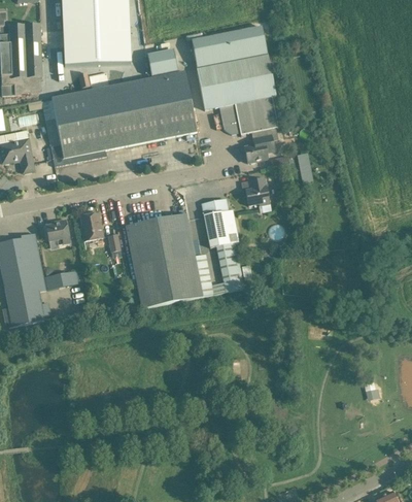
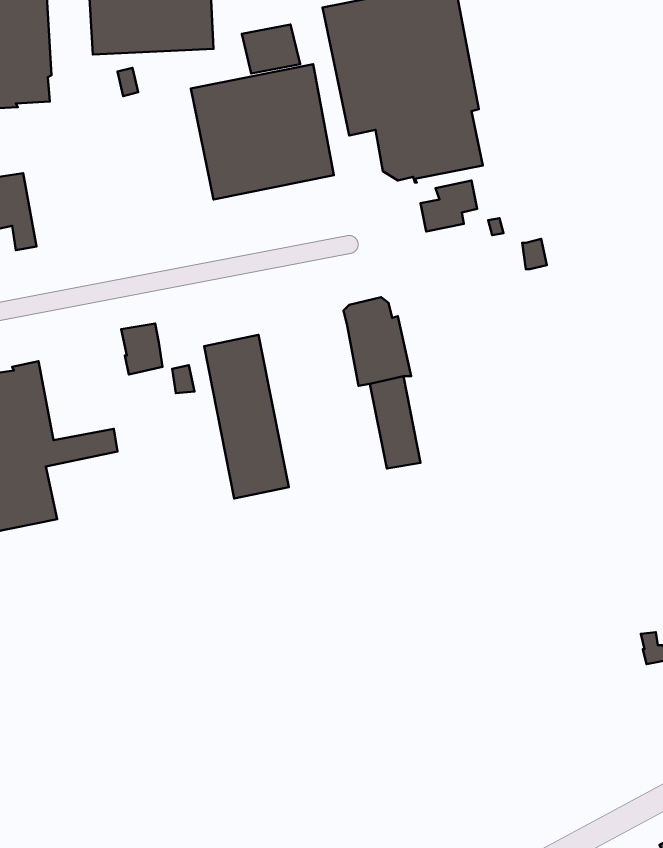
building: [42,83,131,166] -> none
building: [245,177,270,205] -> none
building: [156,213,212,302] -> none
building: [46,219,71,243] -> none

